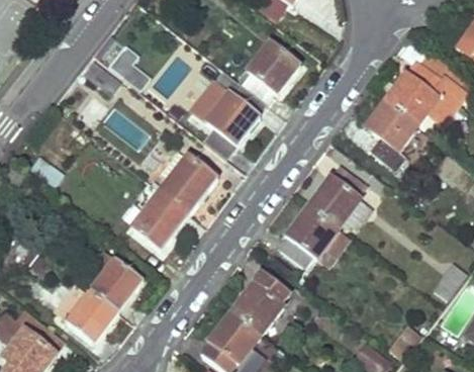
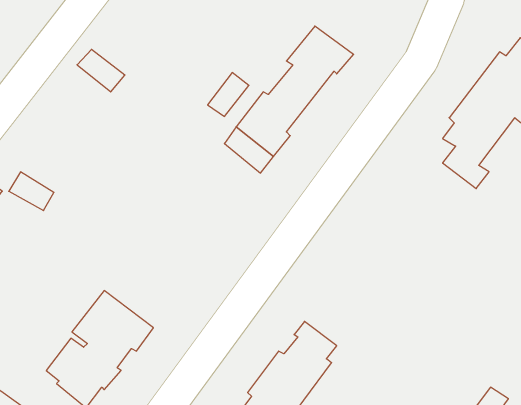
building: [133,156,217,249] -> none
building: [280,165,368,266] -> none

